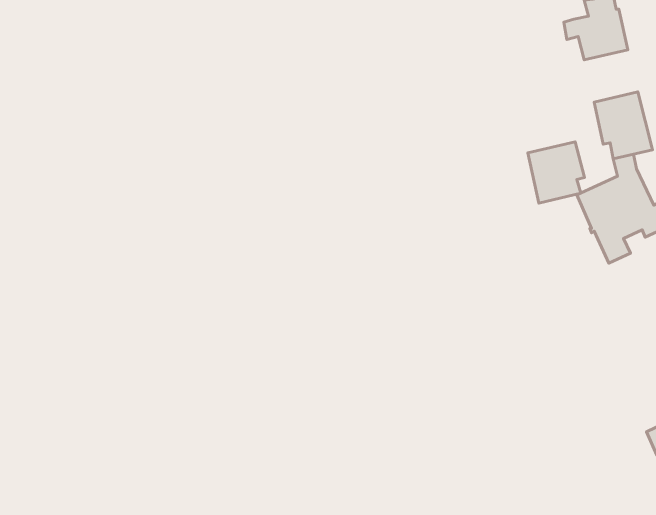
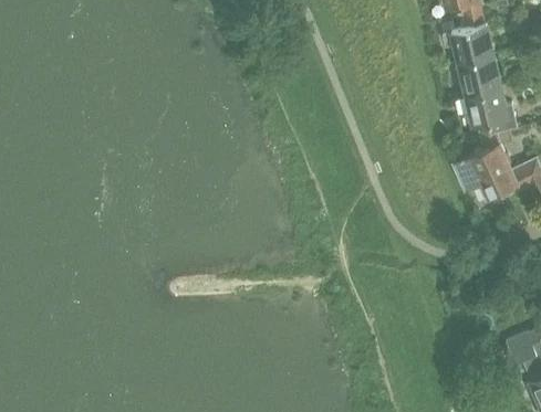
building: none -> [458,53,499,93]
building: [528,142,585,203] -> none

